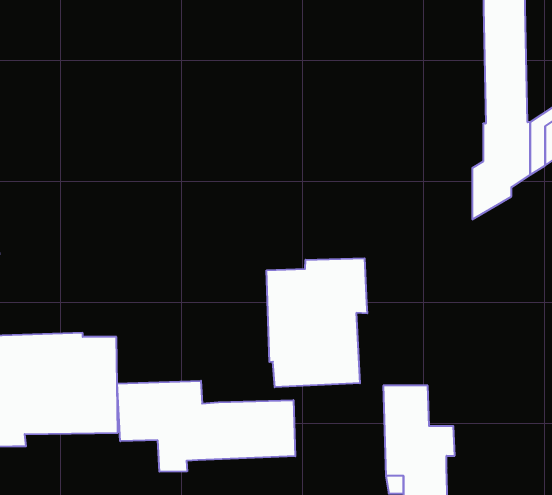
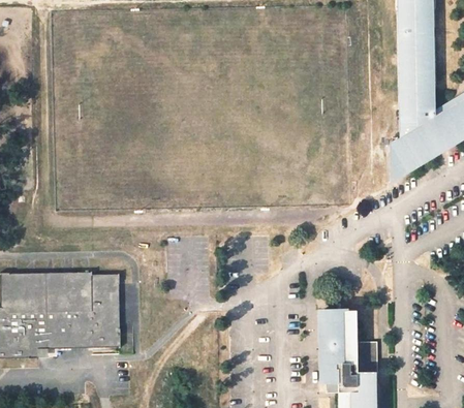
building: [267,258,367,387] -> none
building: [117,381,295,472] -> none

